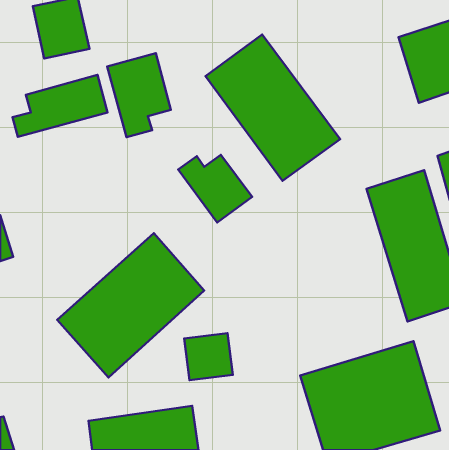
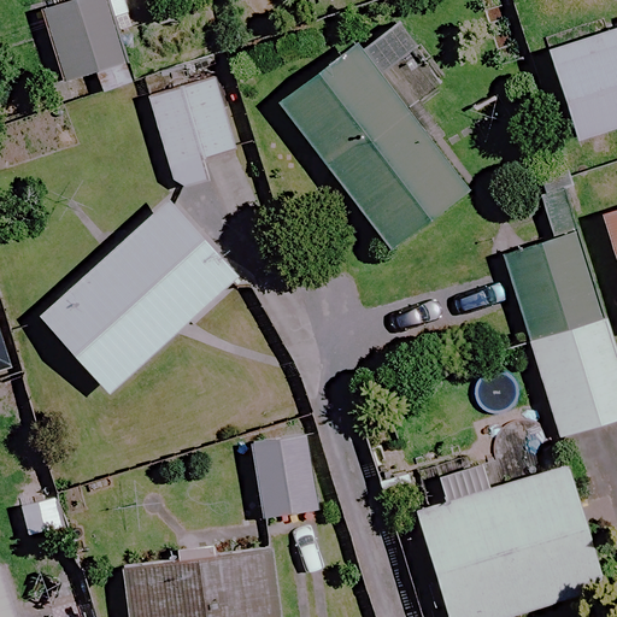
building: [13,75,108,137] -> none
building: [178,155,252,223] -> none
building: [57,233,204,377] -> [41,196,241,393]

